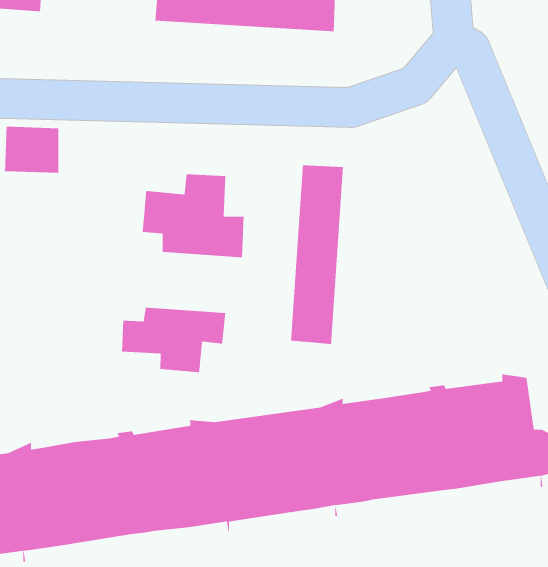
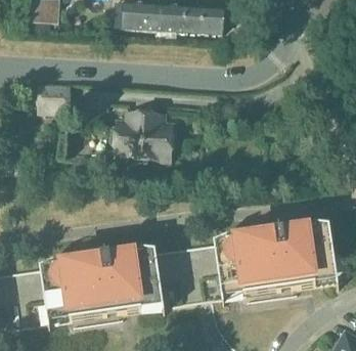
building: [290,165,344,345] -> none
building: [121,307,226,373] -> none

